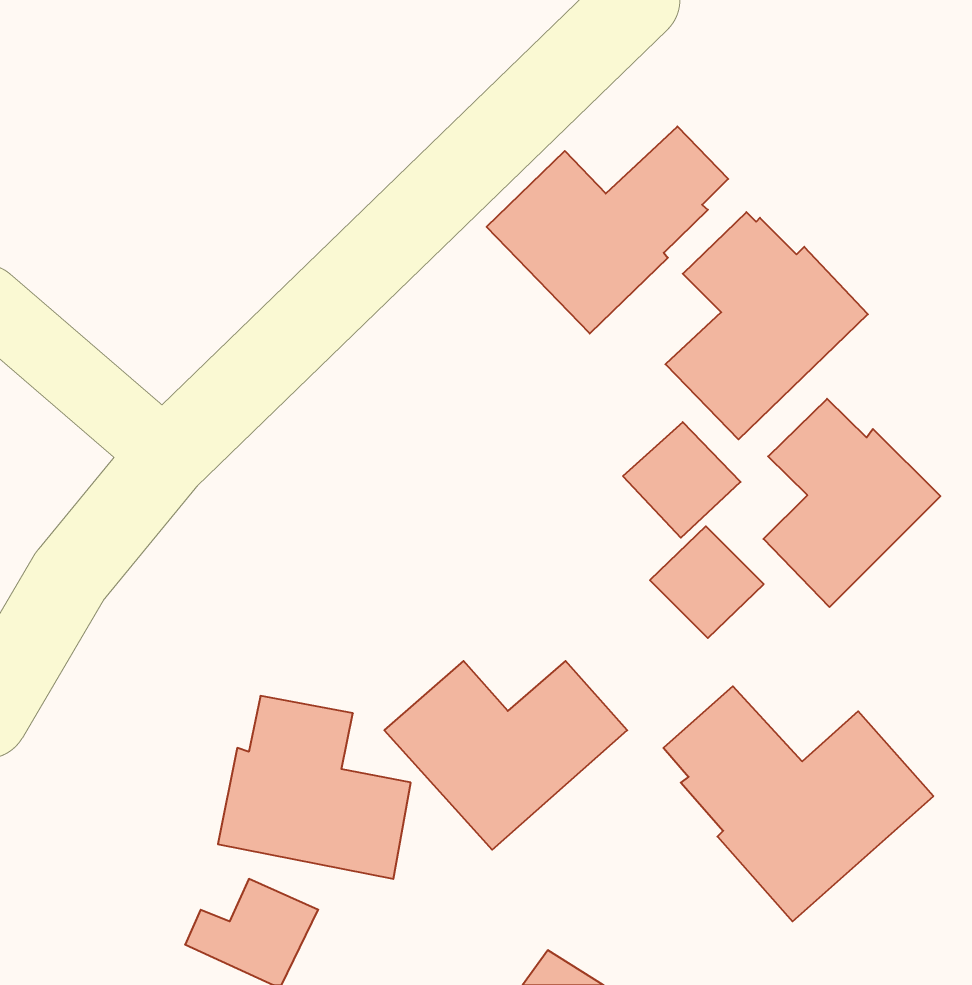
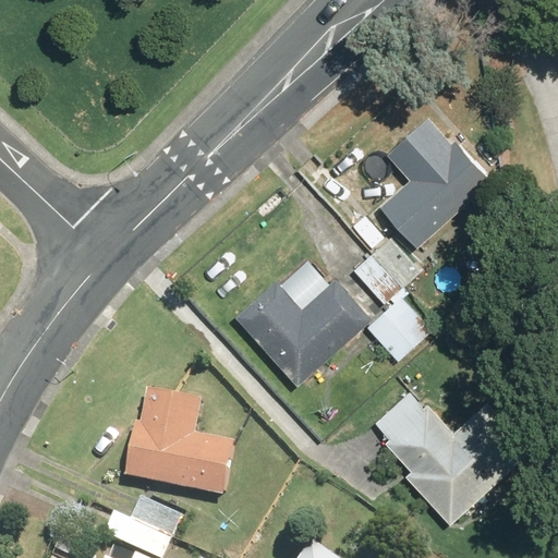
building: [487,126,728,334] -> none
building: [763,399,940,607] -> none
building: [384,661,627,850] -> [232,278,369,385]

